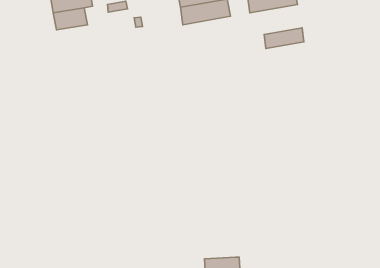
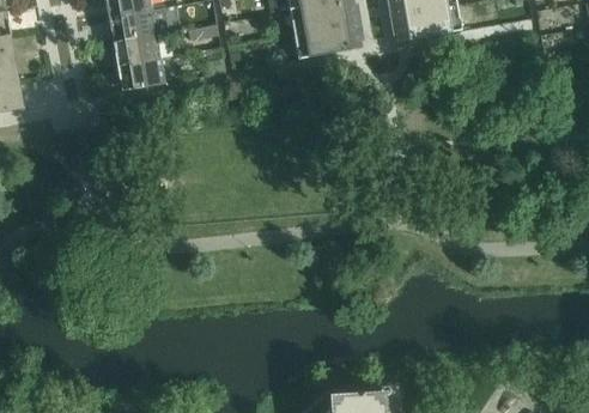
building: none -> [117,59,166,91]
building: [264,28,304,48] -> none

